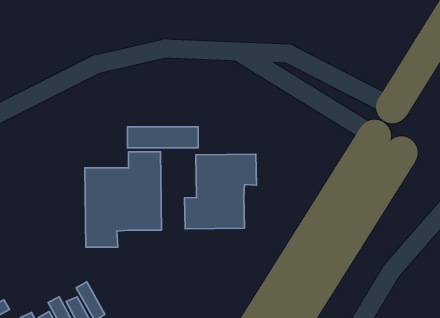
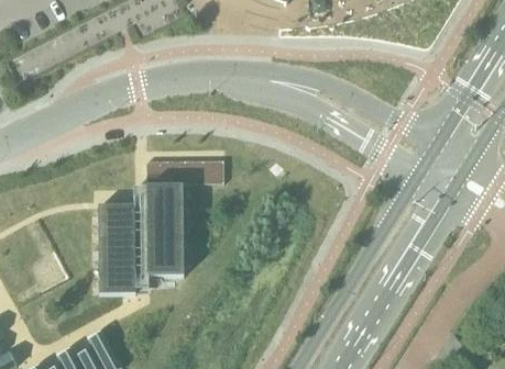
building: [185,154,256,229] -> none

